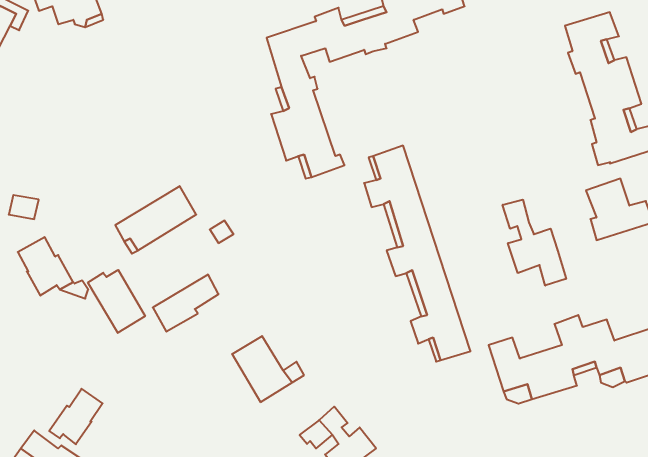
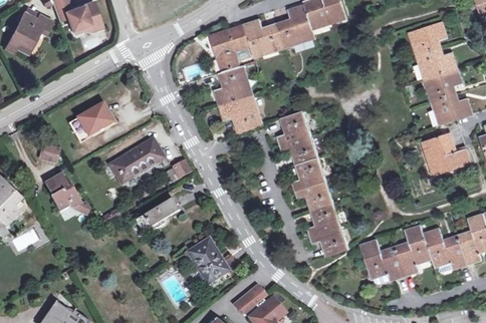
building: none -> [69,102,114,139]
building: [503,200,566,286] -> none
building: [88,270,145,333] -> none
building: [49,389,103,444] -> none

